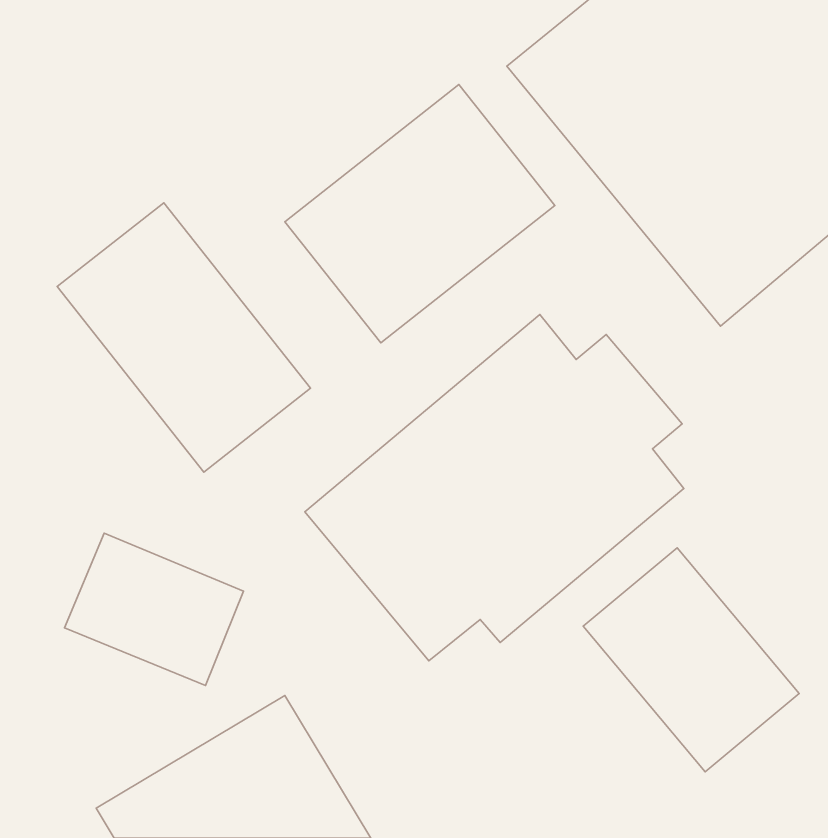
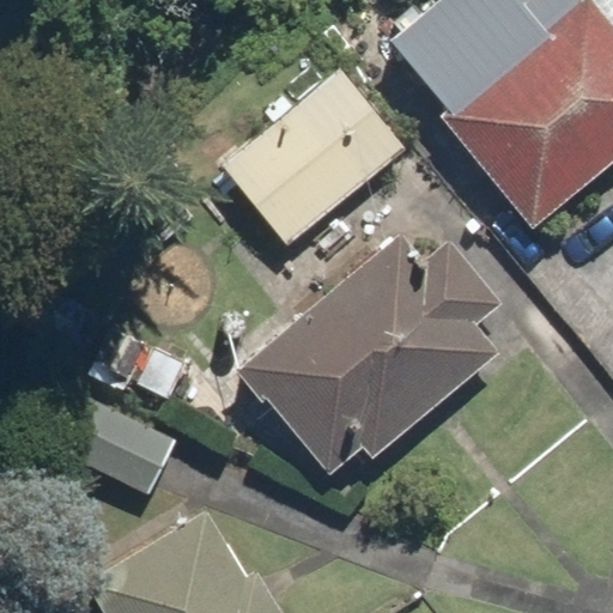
building: [57,203,310,472] -> none
building: [583,548,799,772] -> none

